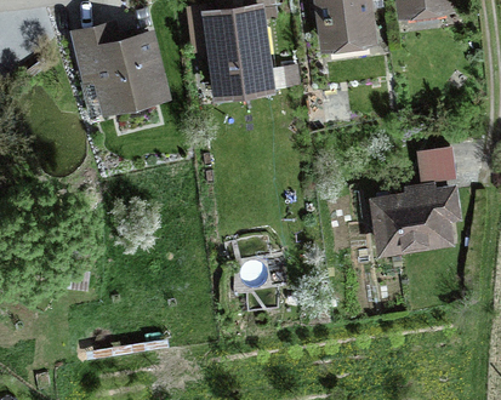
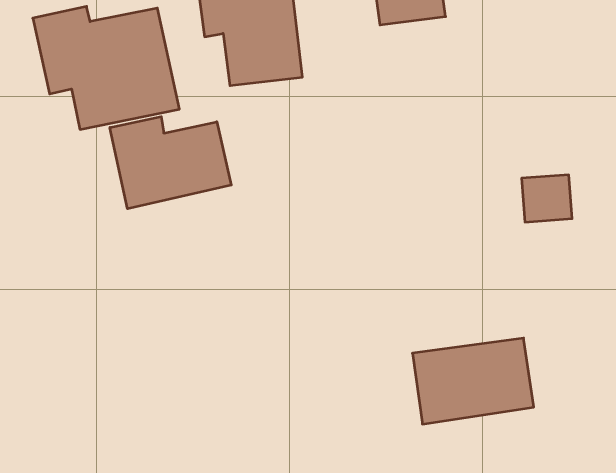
building: none -> [110,117,231,209]
building: [370,187,457,248] -> [412,338,534,424]

